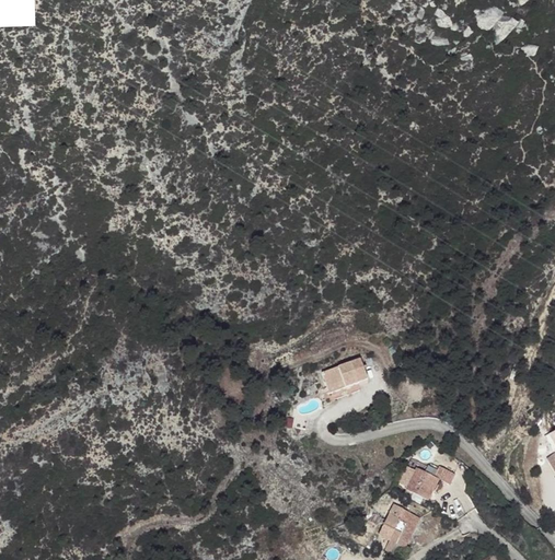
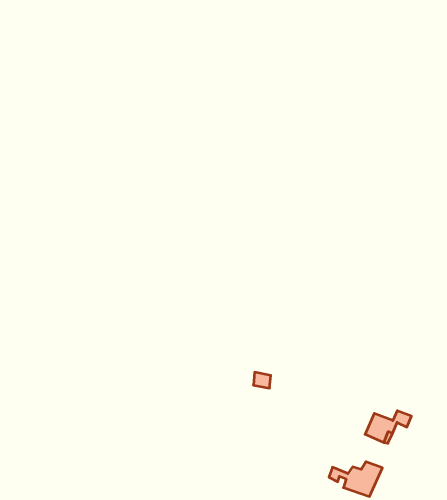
building: [323,359,368,392] -> none

